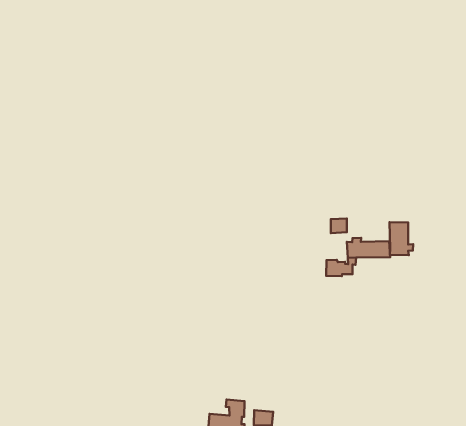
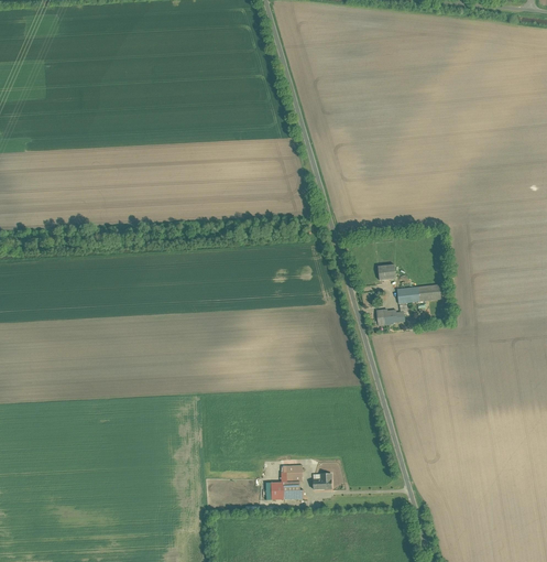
building: [389,222,413,255] -> none

